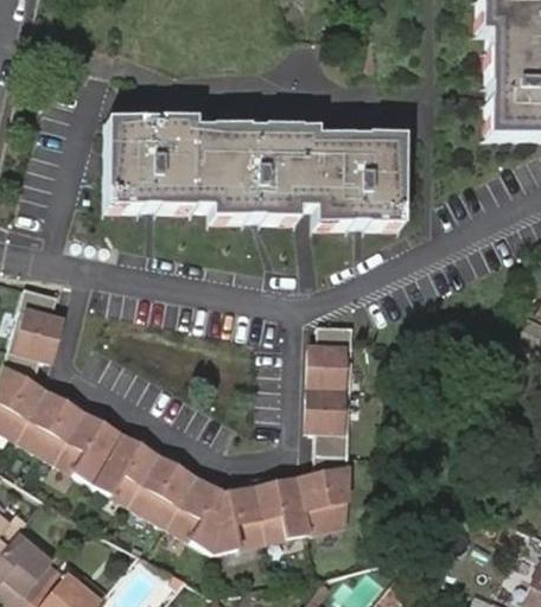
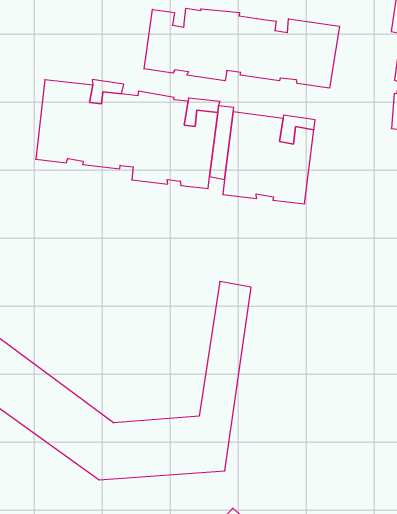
building: none -> [144,8,339,88]

